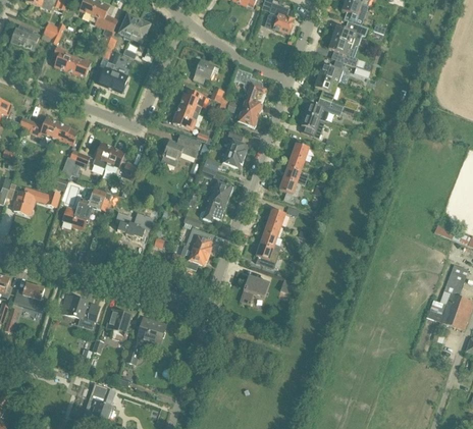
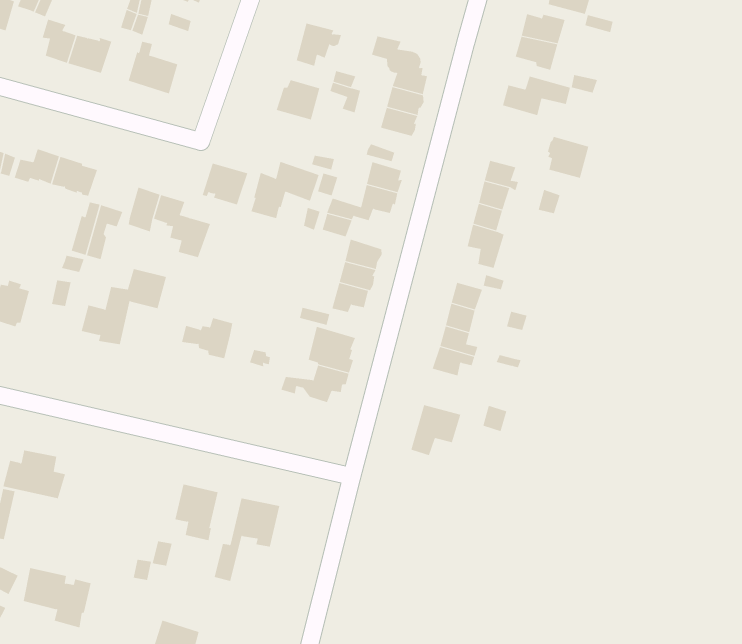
building: [172,106,199,130] -> [202,163,248,205]
building: [301,113,324,138] -> [547,136,589,178]
building: [61,294,100,330] -> [23,568,91,628]

